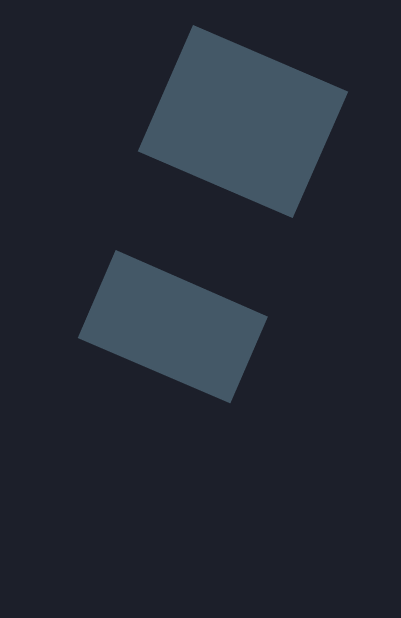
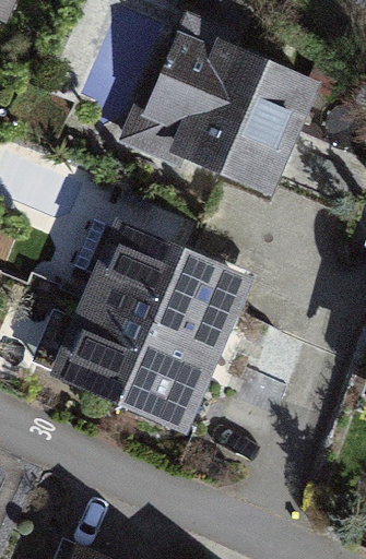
building: none -> [51,297,217,429]

